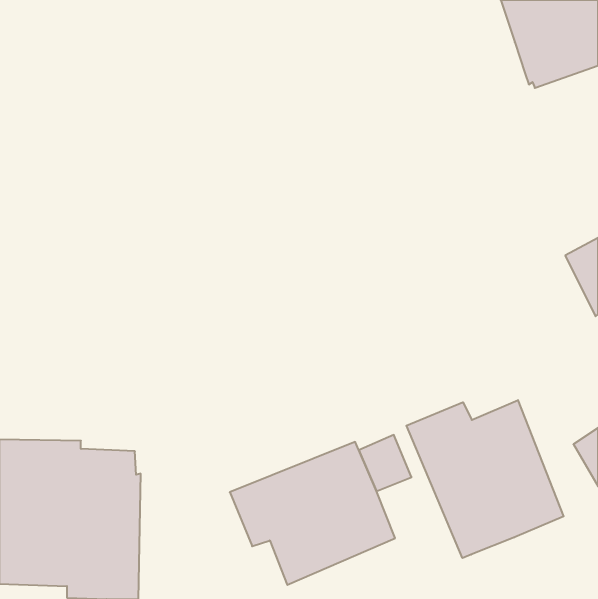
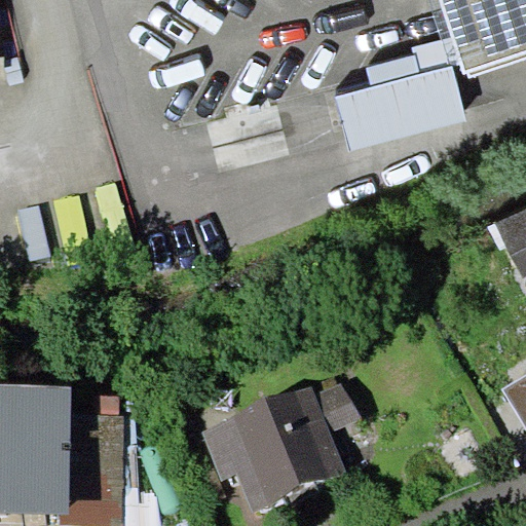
building: none -> [336,37,465,149]
building: [406,400,564,558] -> none

